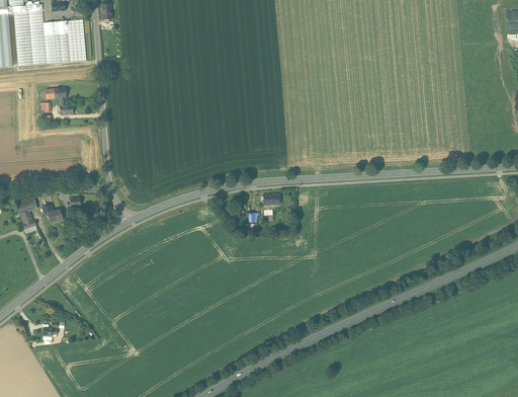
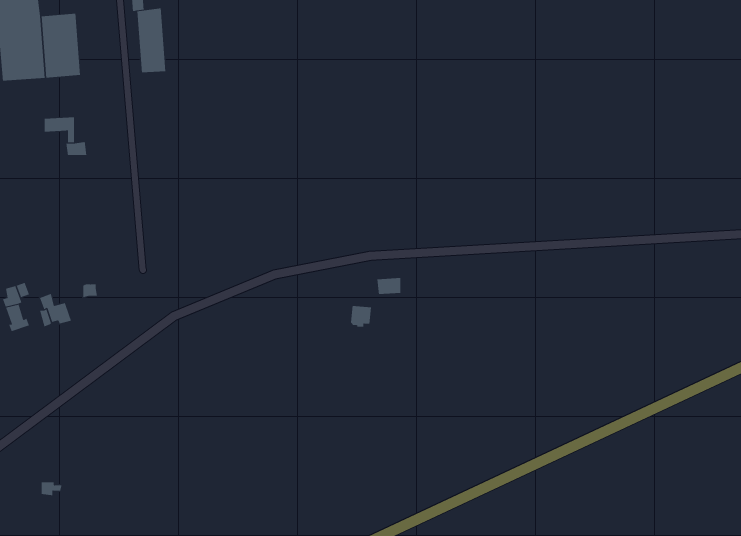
building: [66,18,85,61] -> [137,8,166,73]

